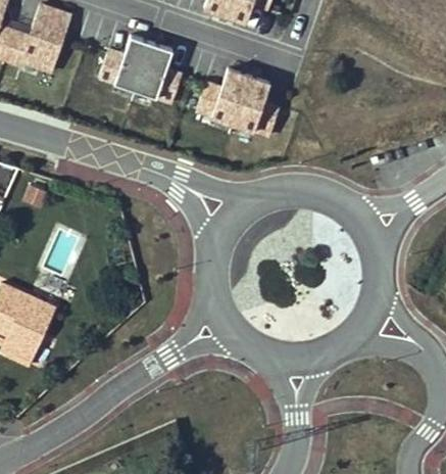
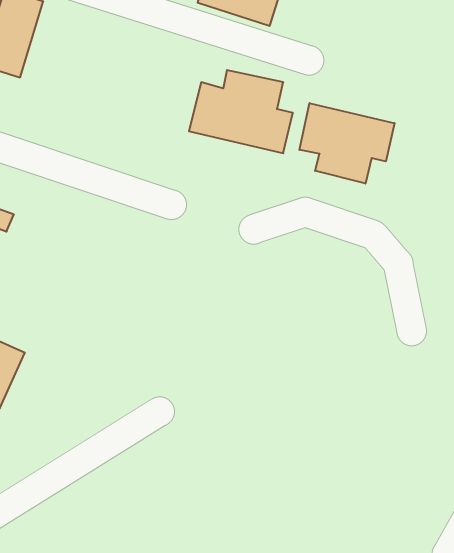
building: [113,38,171,100] -> none
building: none -> [299,103,395,184]

